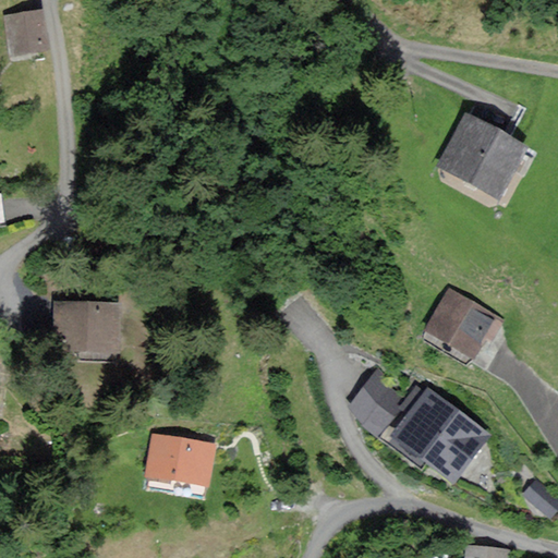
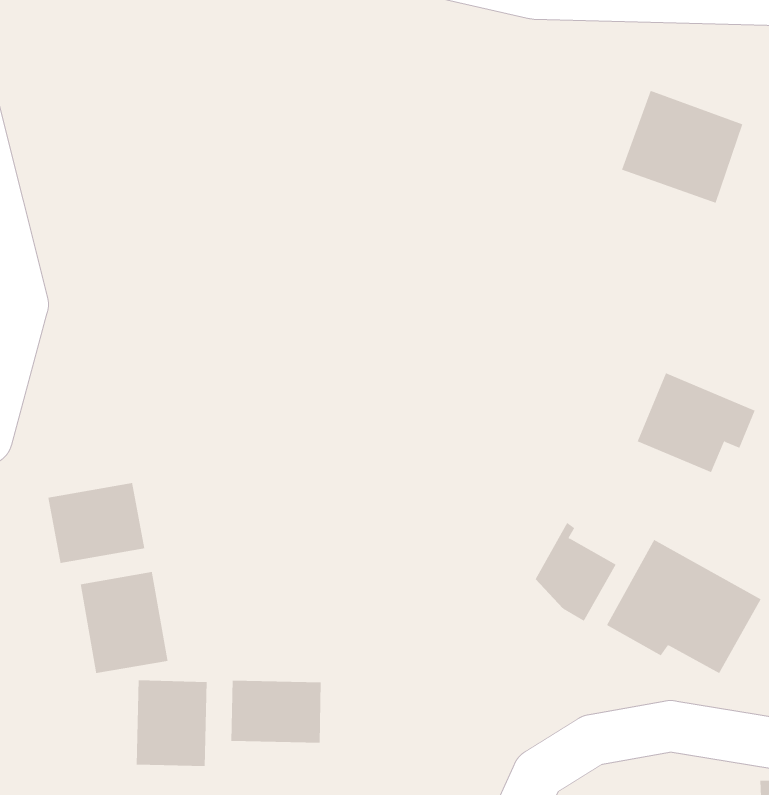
building: none -> [80,571,168,674]
building: none -> [136,680,207,767]

